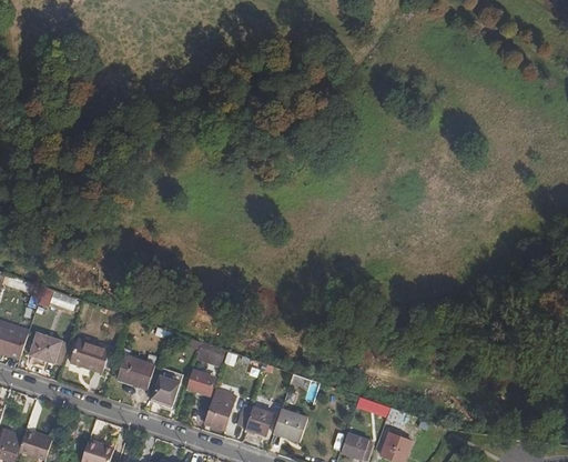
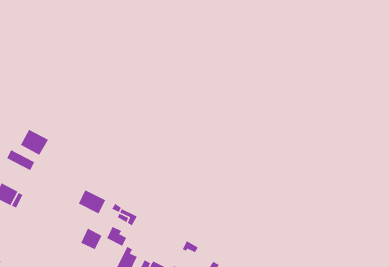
building: none -> [20,129,49,156]
building: [71,339,110,372] -> none
building: [118,356,154,388] -> [78,189,106,215]

